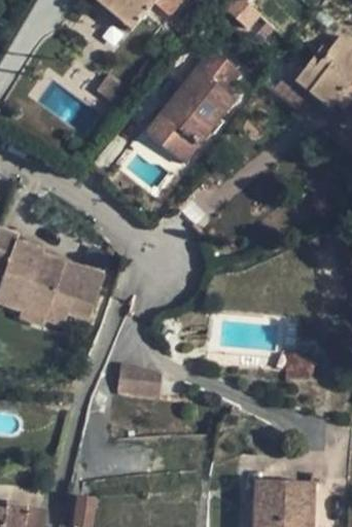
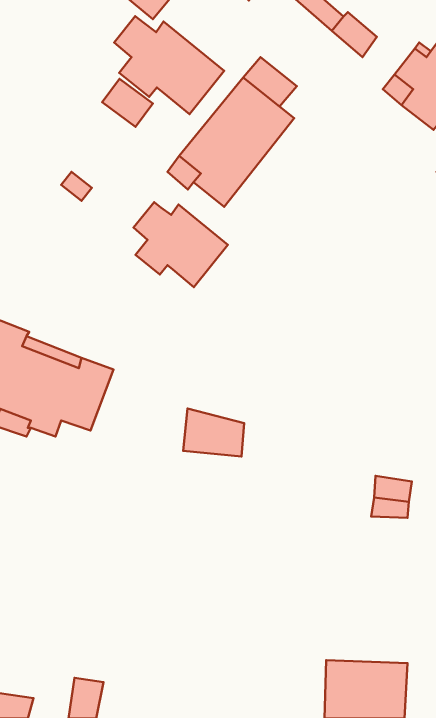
building: none -> [114,16,224,114]
building: none -> [133,202,228,287]
building: [118,363,162,397] -> [183,409,244,456]

